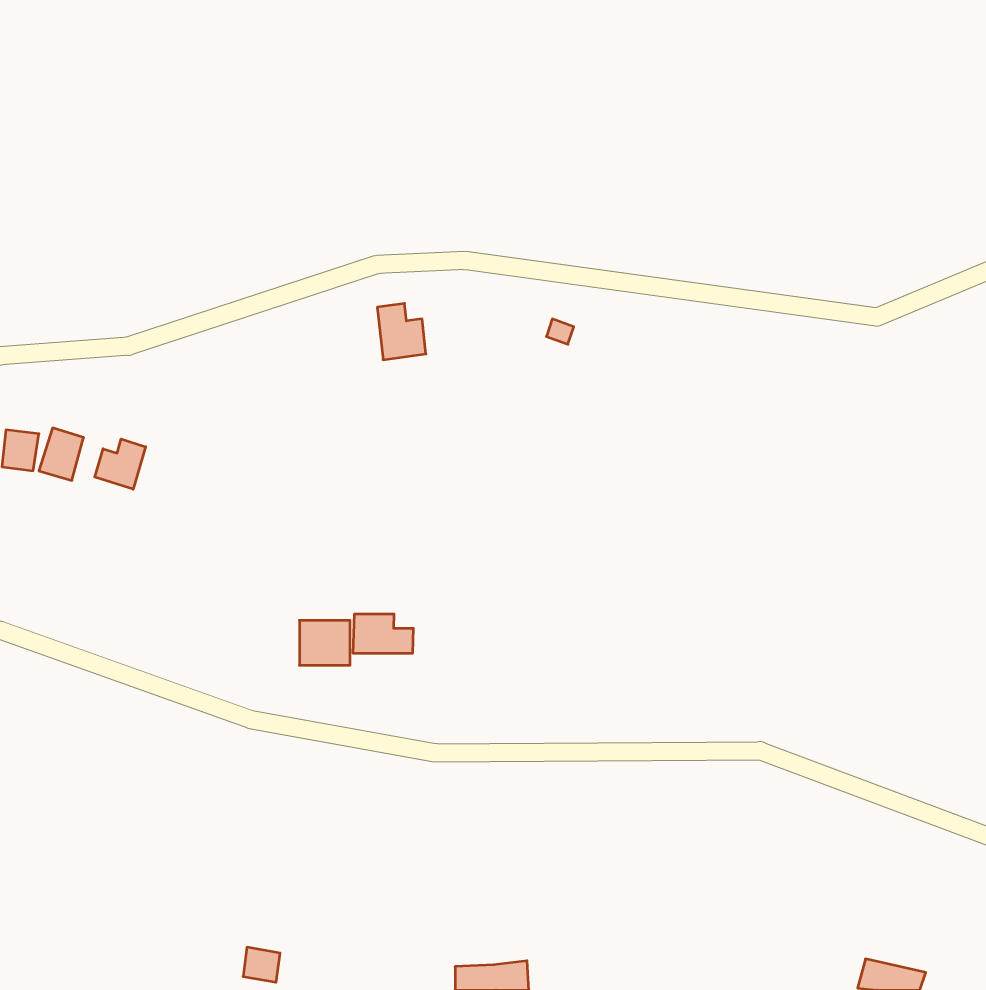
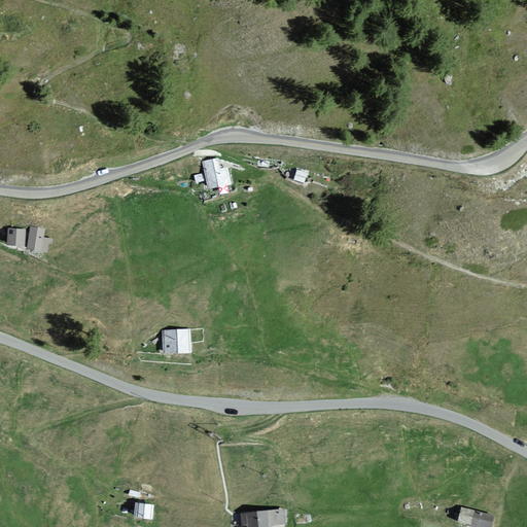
building: [95,439,146,489] -> none
building: [353,614,413,653] -> none

